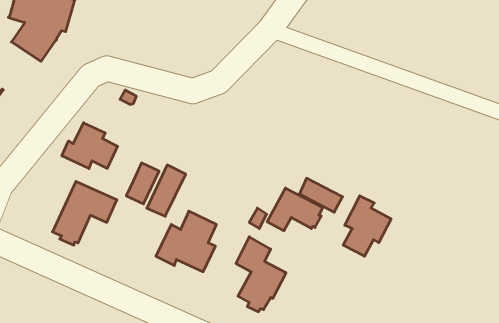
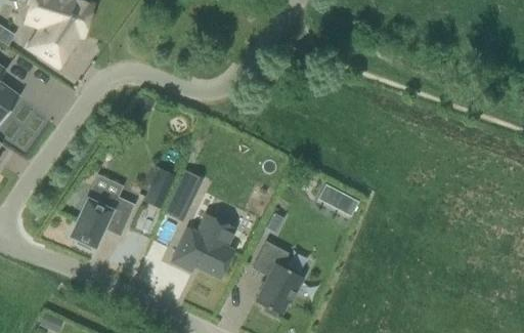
building: [62,123,118,169] -> none
building: [267,188,323,231] -> none
building: [343,196,391,256] -> none

